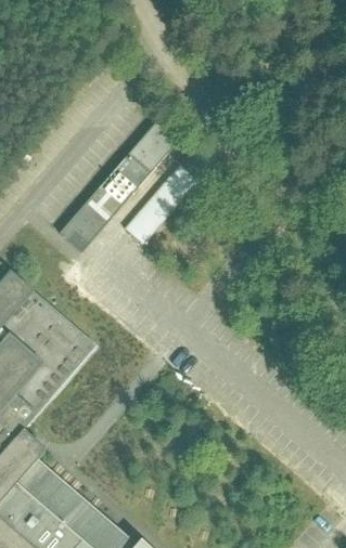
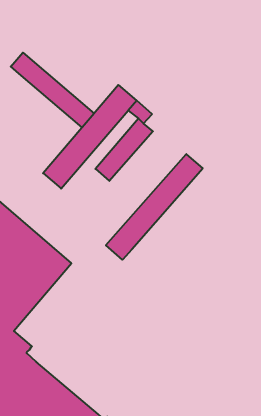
building: none -> [11,53,94,127]
building: none -> [106,154,203,260]

